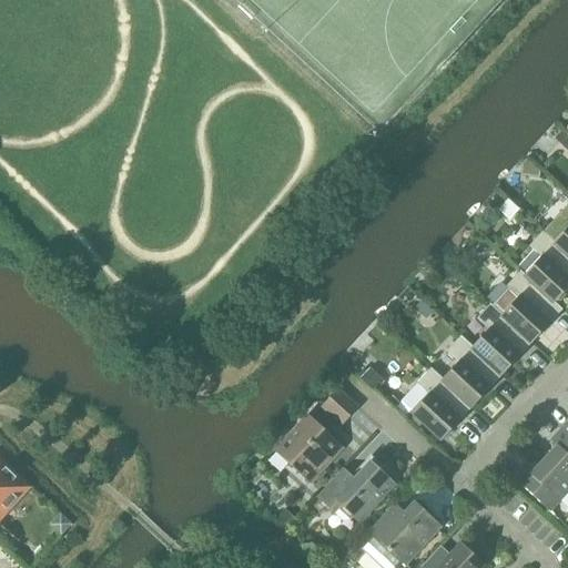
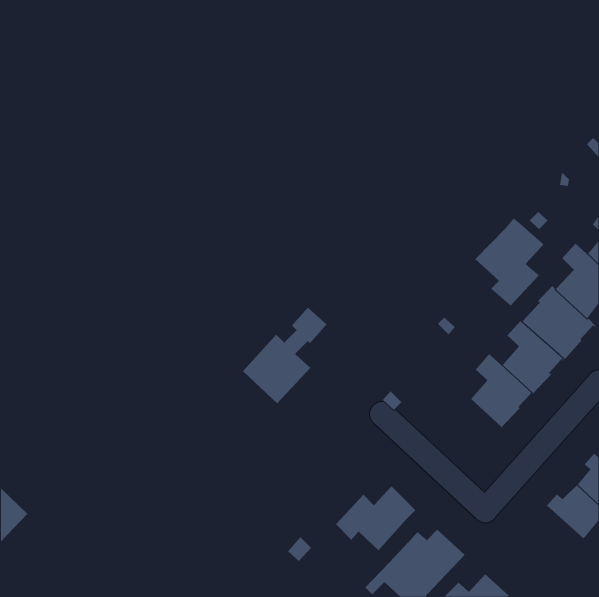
building: none -> [474,217,545,307]
building: [405,366,474,438] -> none
building: [276,388,357,480] -> [242,307,328,404]

